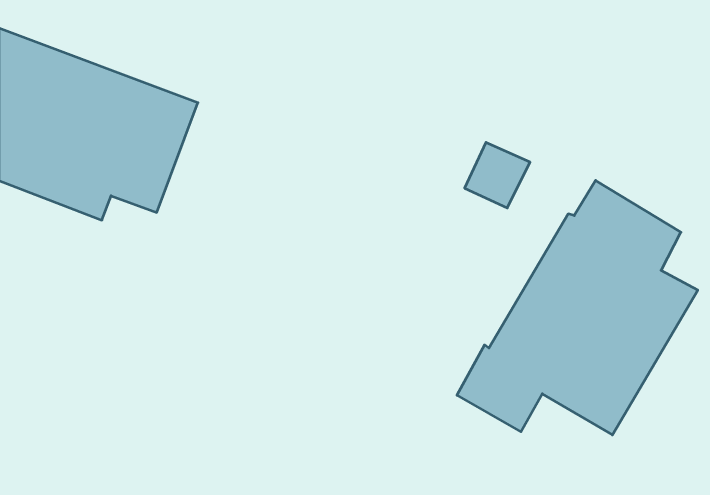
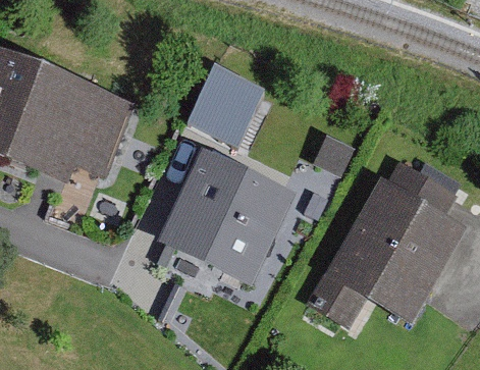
building: none -> [189,62,264,140]
building: none -> [159,148,297,284]

